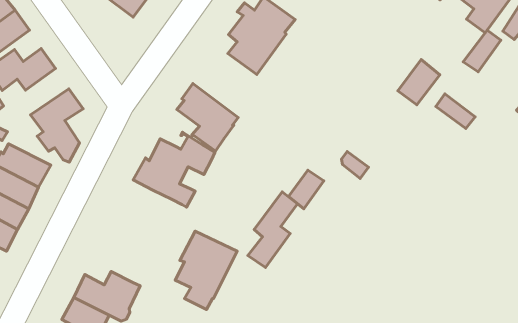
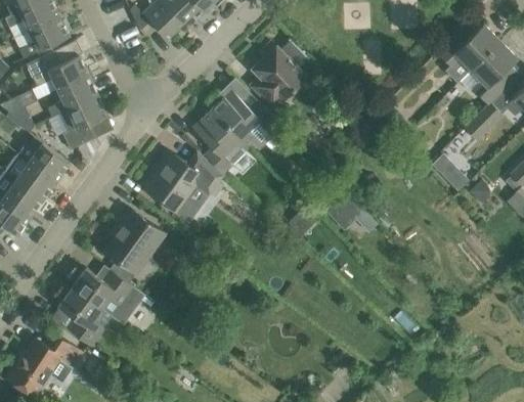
building: [398,60,440,105] -> none
building: none -> [212,93,273,150]
building: none -> [47,76,97,118]
building: [248,192,298,268] -> none
building: [175,231,237,310] -> [103,210,165,283]

